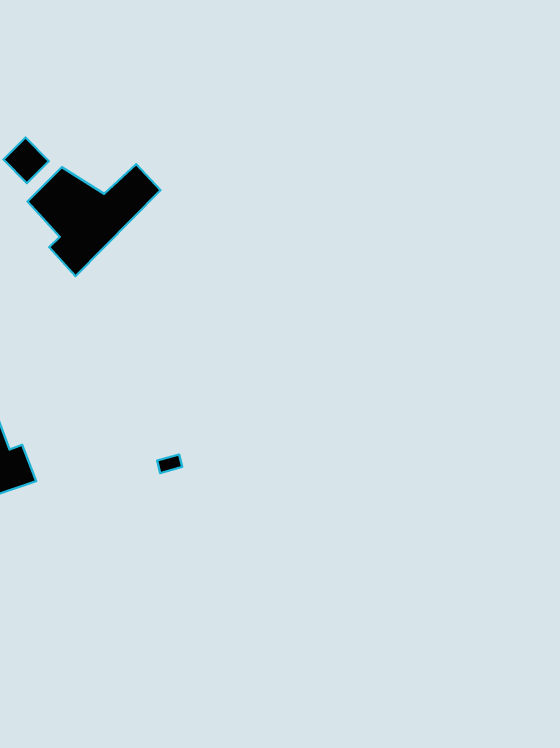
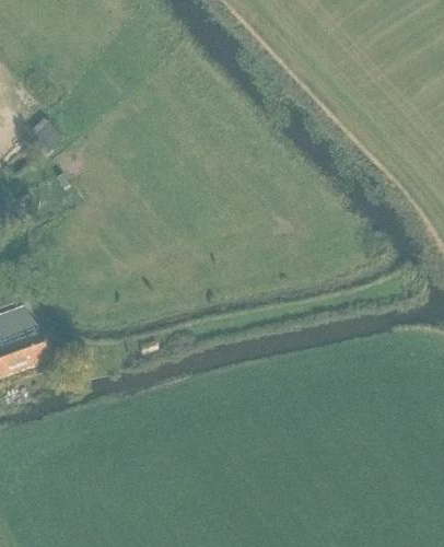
building: [28,164,161,276] -> none

